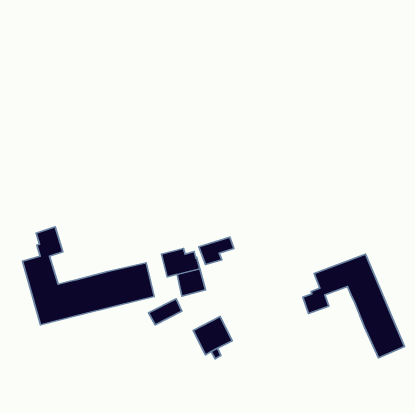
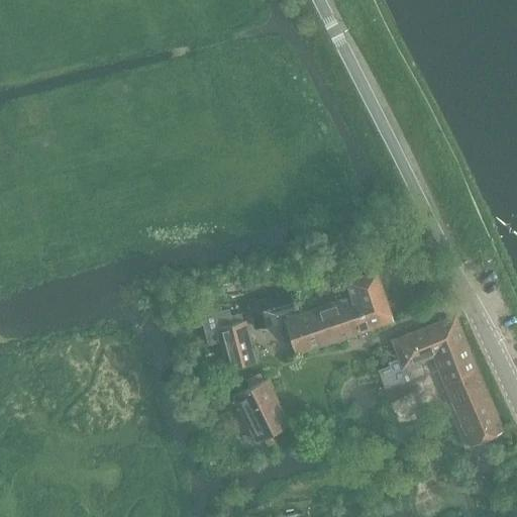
building: none -> [283,272,393,355]
building: [22,227,154,325] -> none
building: [149,299,182,325] -> [232,380,274,412]

